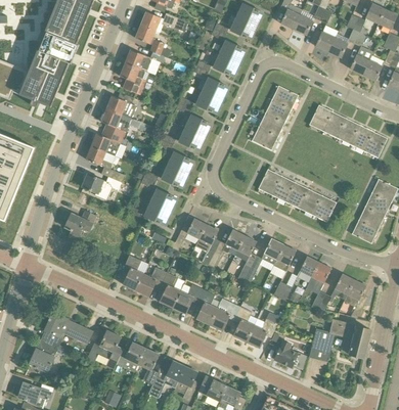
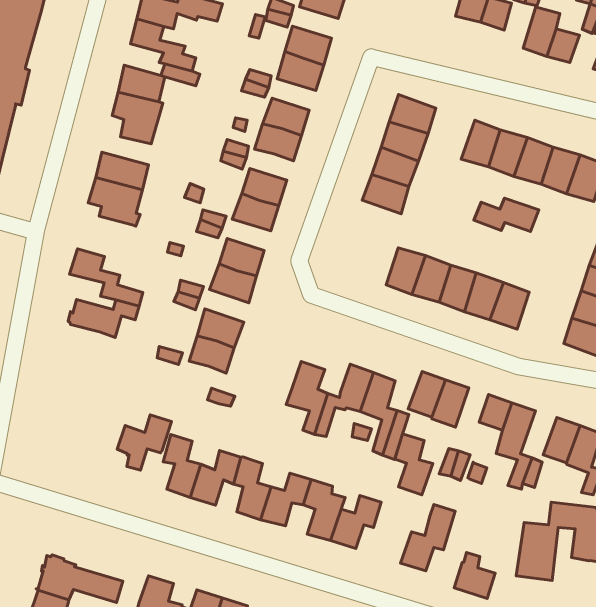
building: [91,129,123,155] -> none
building: none -> [474,198,539,231]
building: [64,209,96,238] -> [117,415,171,470]
building: [172,217,206,249] -> none
building: [233,306,254,340] -> [395,434,433,495]

